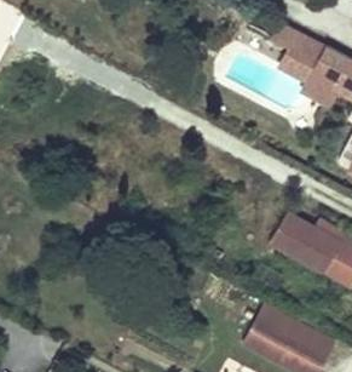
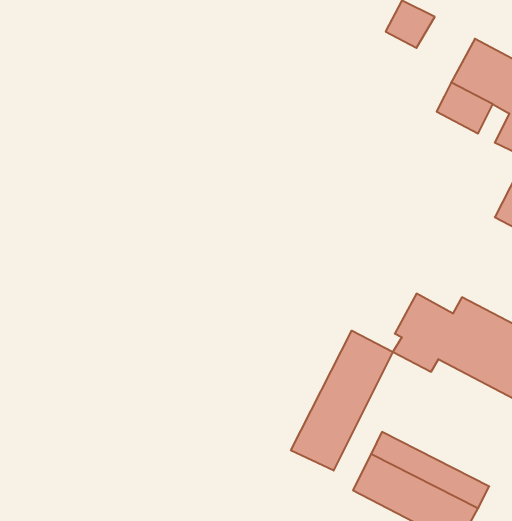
building: [277,29,324,82] -> none
building: none -> [291,331,393,471]

